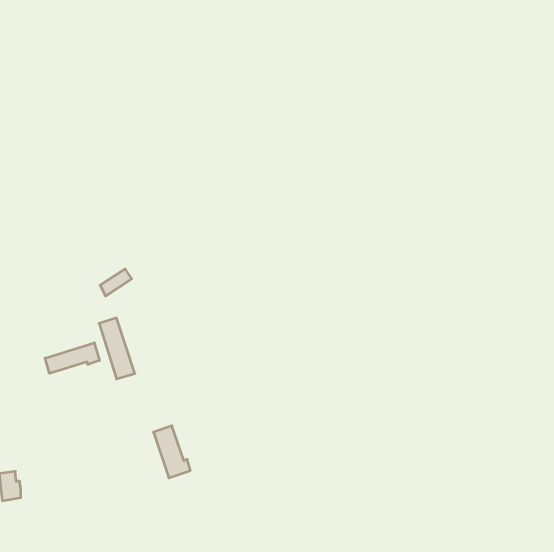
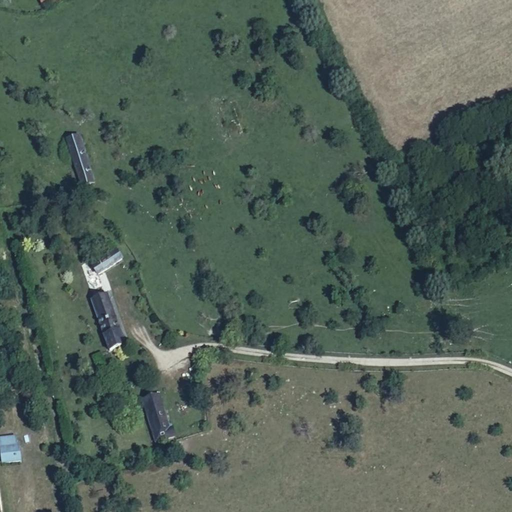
building: none -> [65,131,93,183]
building: [45,343,99,373] -> none

